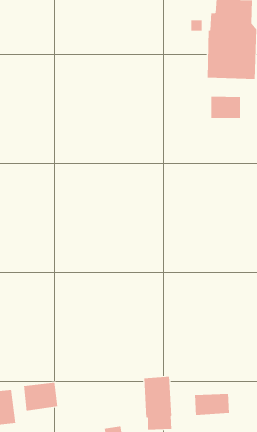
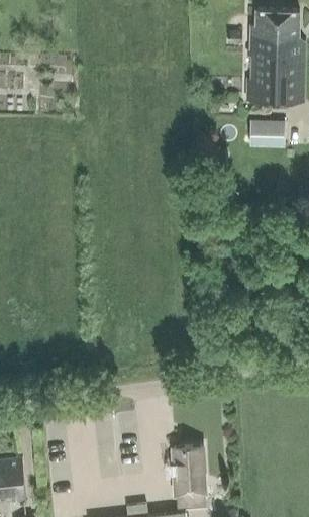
building: [23,382,58,411] -> none
building: [194,393,229,416] -> none

